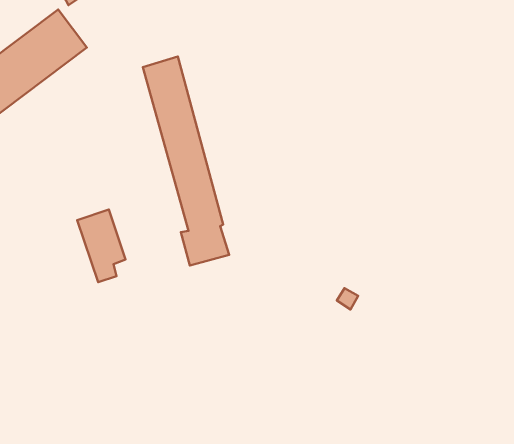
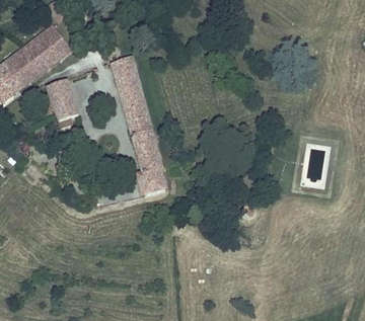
building: [77,210,126,282] -> [47,80,79,129]

